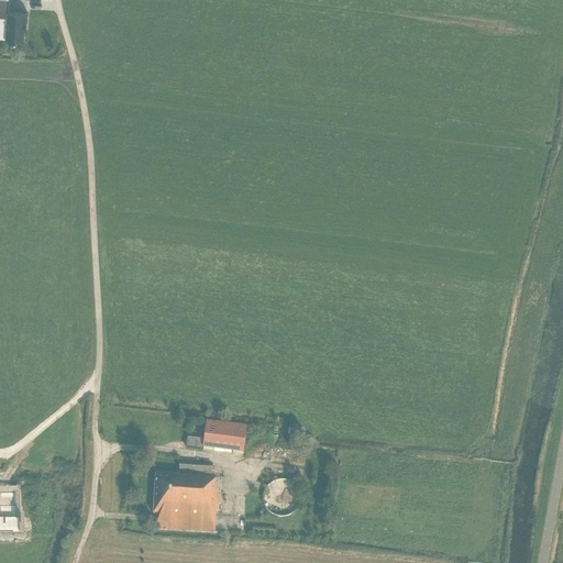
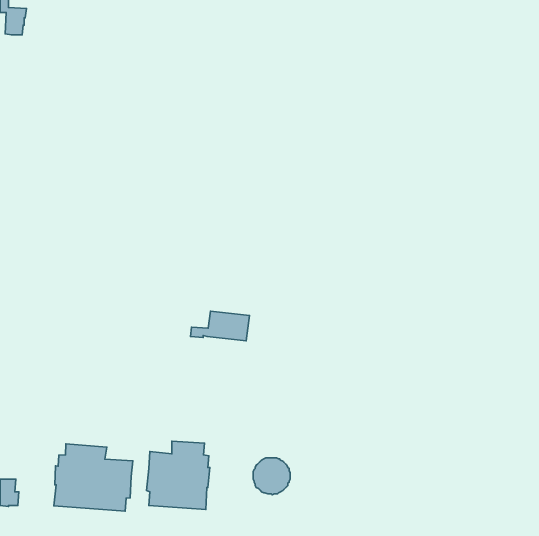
building: [186,419,247,450] -> [190,311,249,341]
building: none -> [54,444,133,511]

